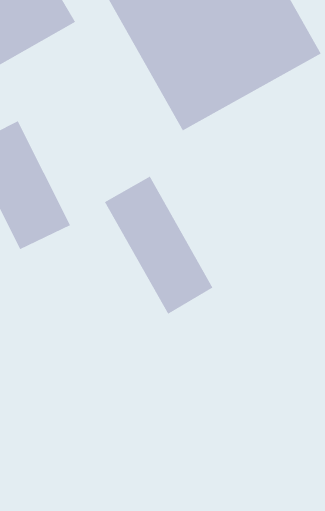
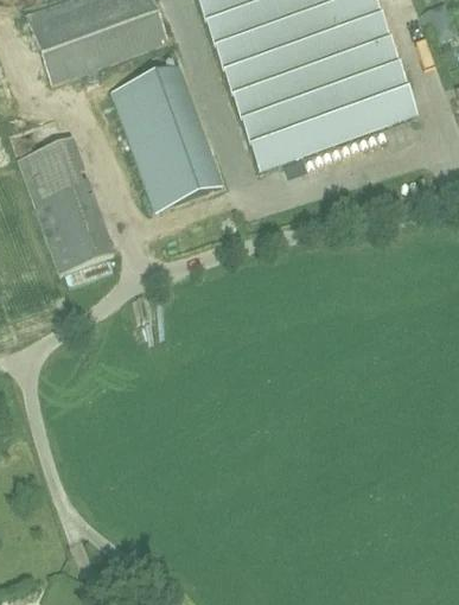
building: none -> [111,66,219,209]
building: [104,176,213,315] -> none

